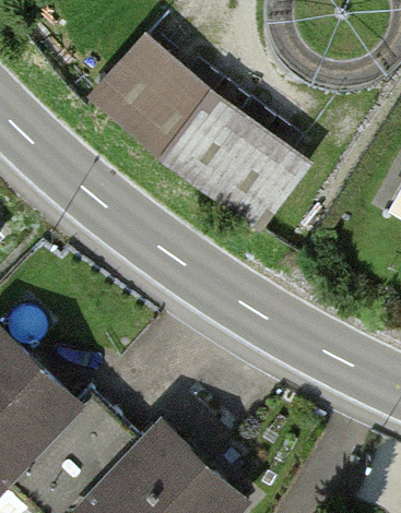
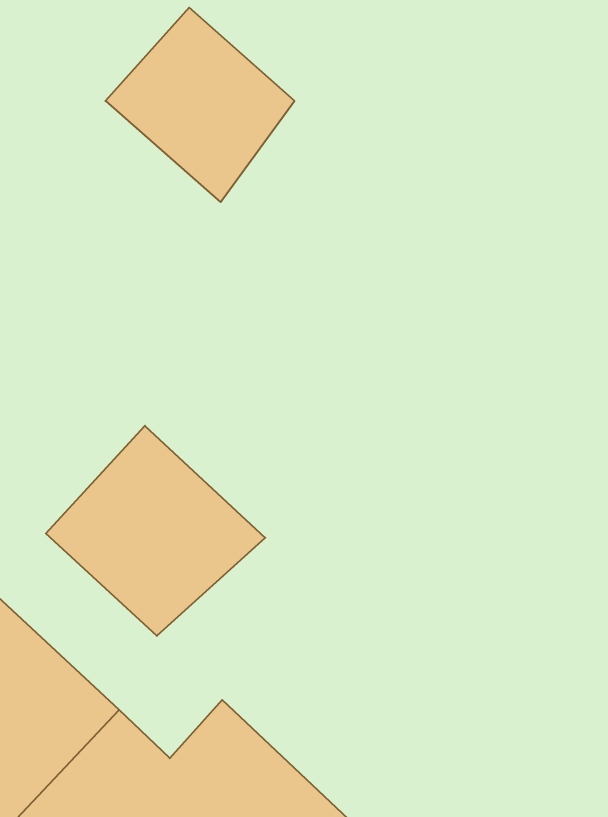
building: [162,86,292,207] -> none
building: none -> [46,426,265,636]

